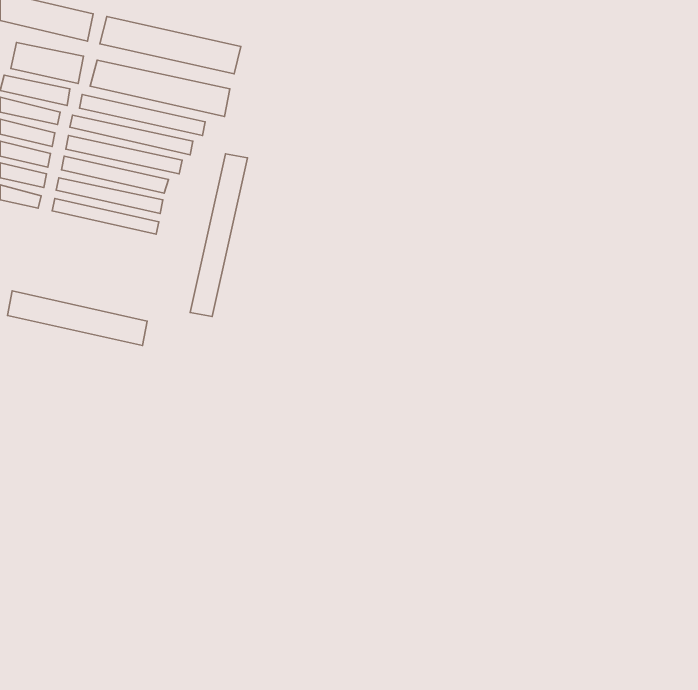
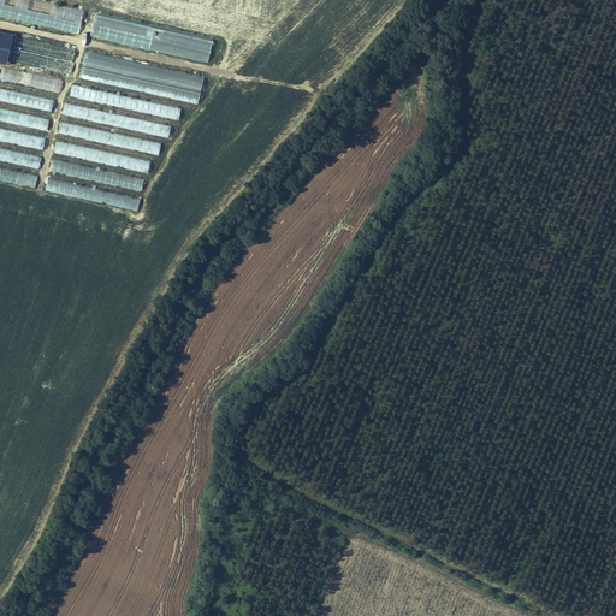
building: [190,154,247,316] -> none
building: [7,291,147,346] -> none

